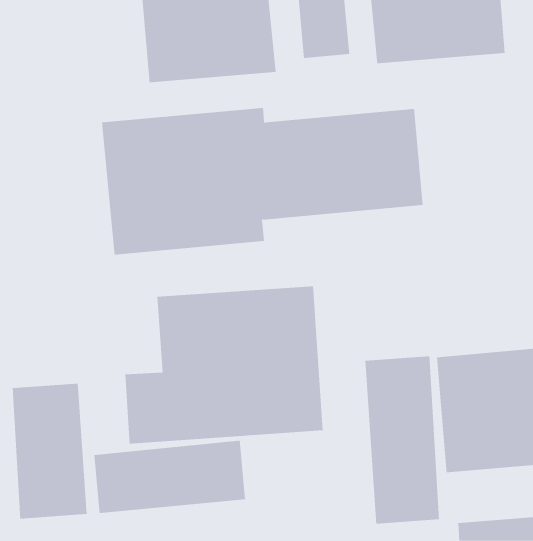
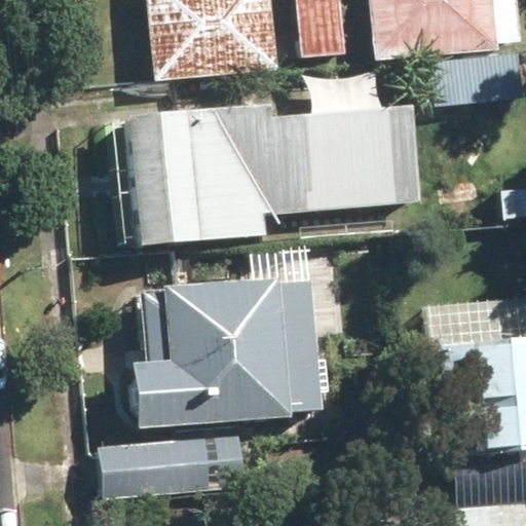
building: [365,355,440,524] -> none
building: [12,383,87,519] -> none

